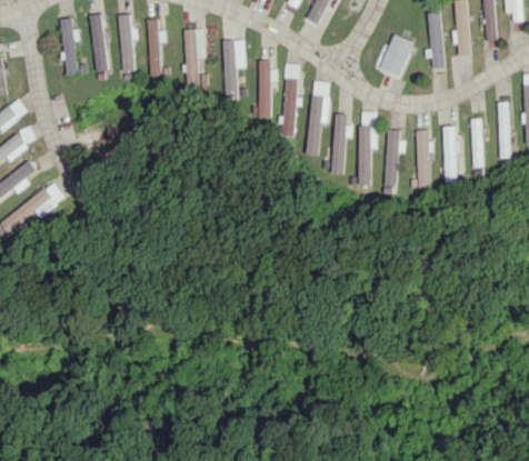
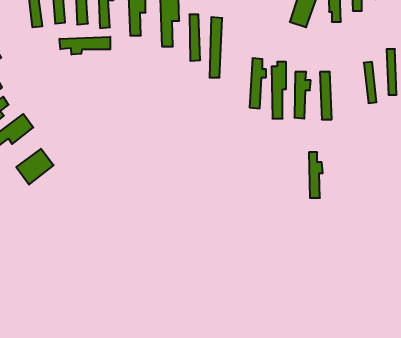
building: [308,81,329,154] -> none
building: none -> [60,37,110,55]
building: [445,127,461,182] -> [309,152,323,198]
building: none -> [16,149,54,185]

